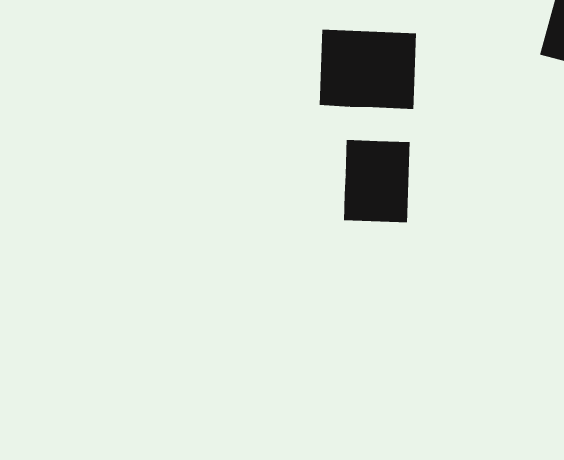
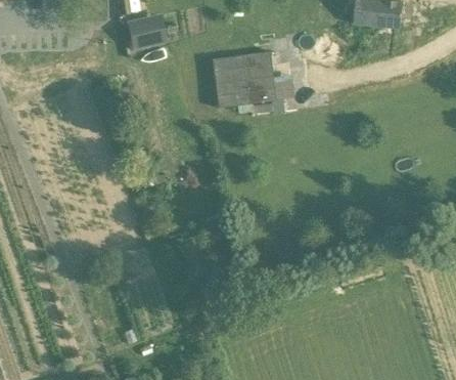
building: [344,139,410,223] -> none

